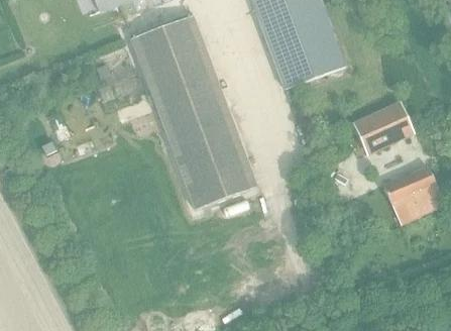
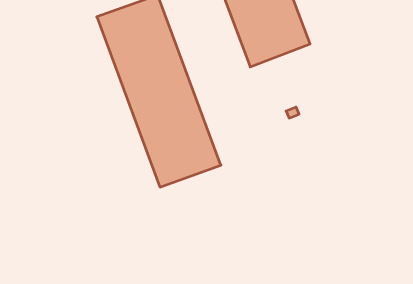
building: [355,102,413,151] -> none
building: [381,164,443,221] -> none

